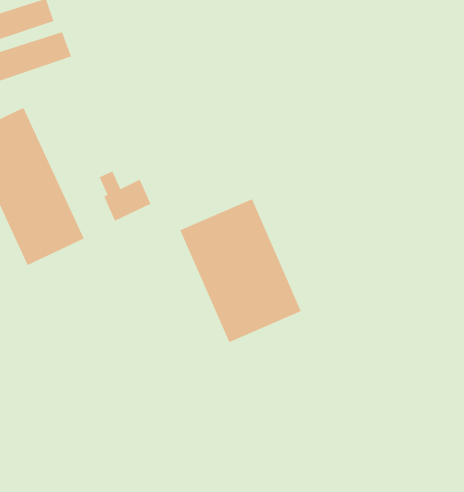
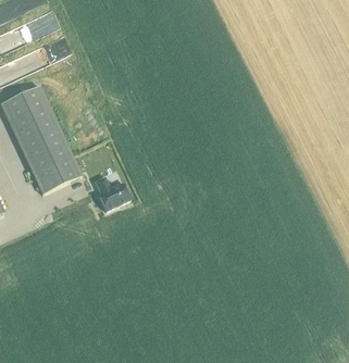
building: [98,170,152,222] -> [94,175,129,210]
building: [179,198,302,343] -> none

